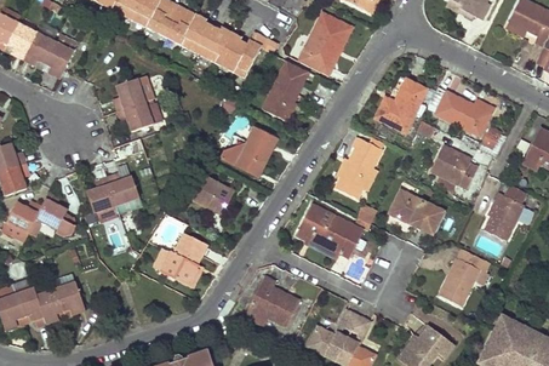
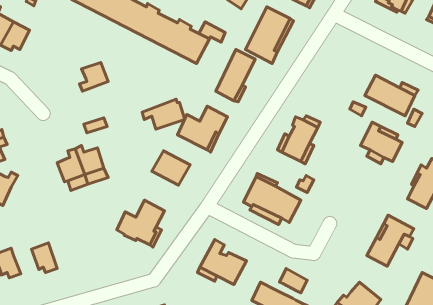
building: [42,29,76,75] -> none
building: [376,79,428,132] -> none
building: [114,93,162,127] -> [142,99,185,129]
building: [33,189,76,235] -> none
building: [389,189,445,234] -> none
building: [35,287,64,324] -> none

